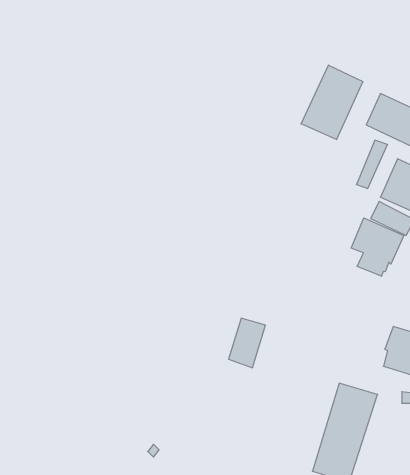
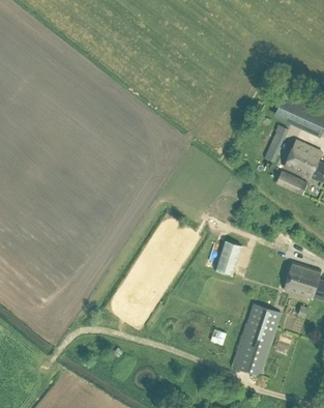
building: [301,65,363,140] -> none
building: [351,218,404,276] -> none
building: [229,318,265,368] -> [214,240,241,276]

